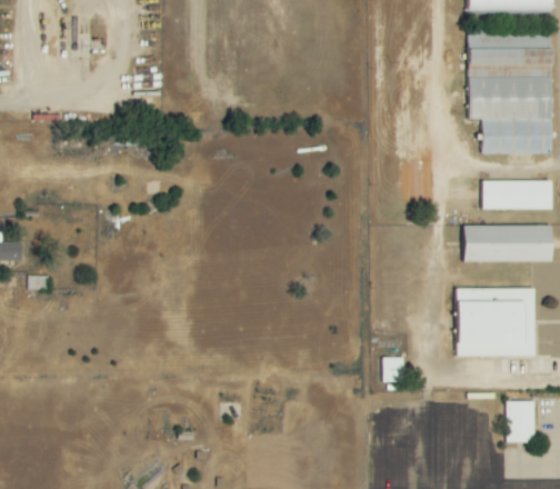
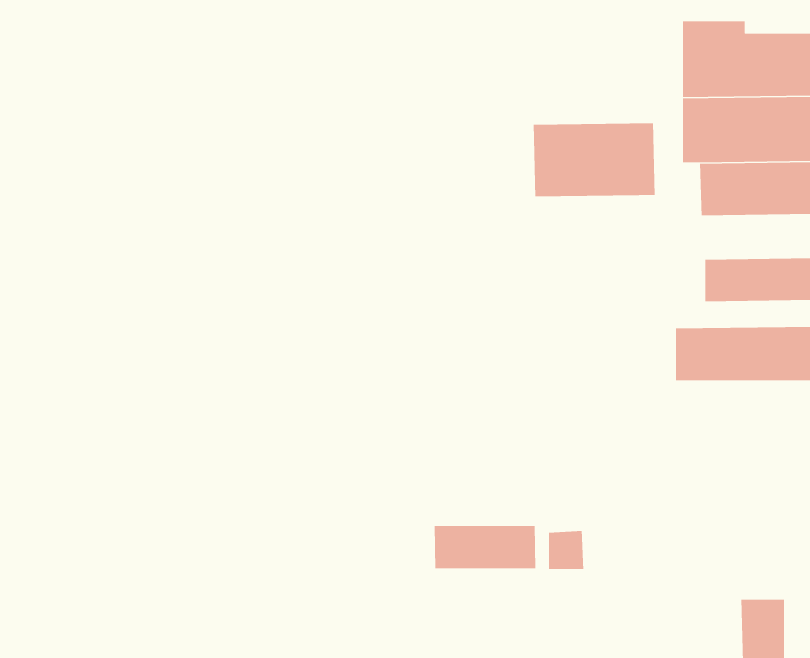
building: none -> [533,123,655,197]
building: [456,290,536,356] -> none
building: none -> [434,525,536,569]

